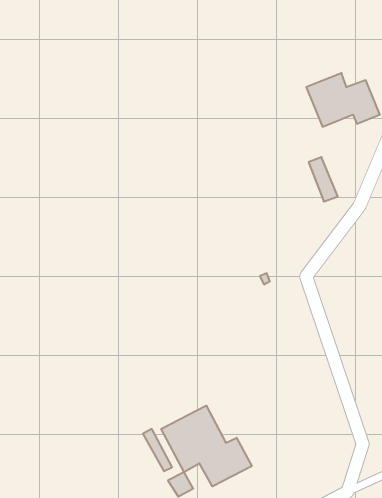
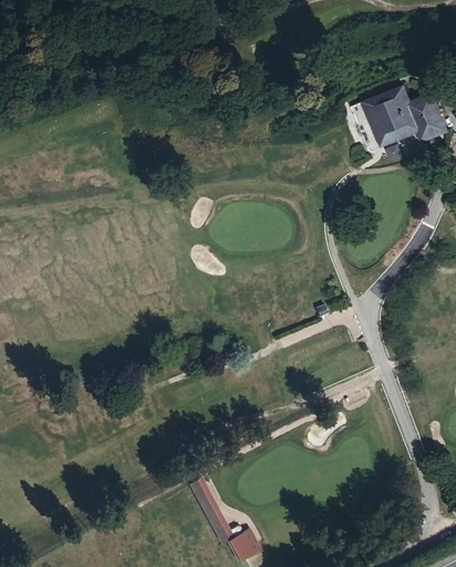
building: [309,157,338,202] -> [355,102,387,151]
building: [161,406,252,486] -> none

